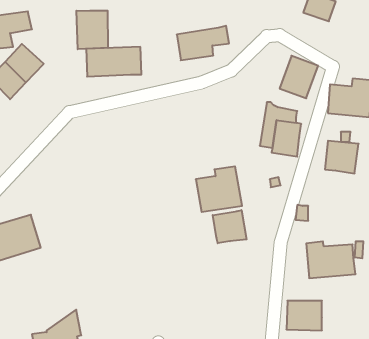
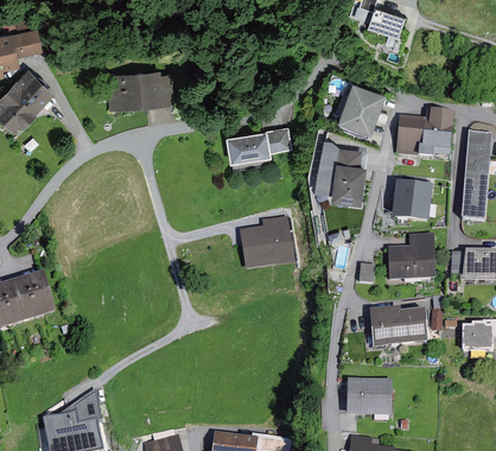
building: [76,11,108,49] -> none
building: [177,26,229,60] -> [227,126,290,167]
building: none -> [388,234,435,280]
building: [213,210,247,243] -> none

